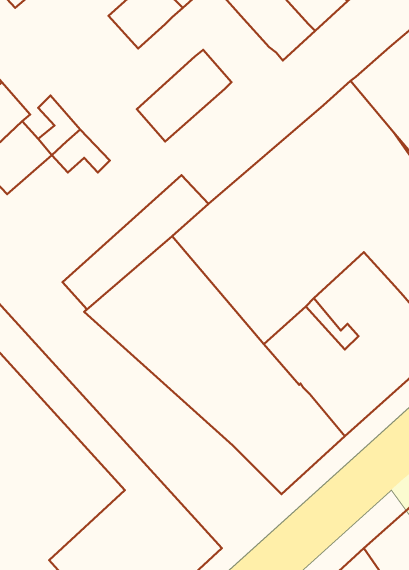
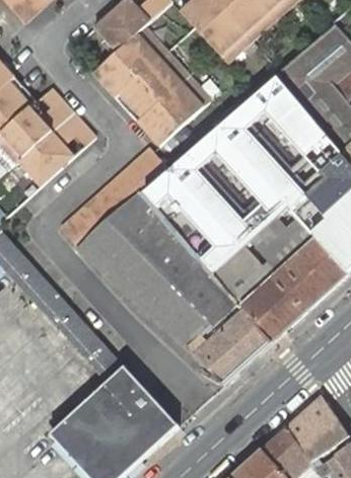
building: none -> [93,27,165,96]
building: none -> [137,76,209,145]
building: none -> [18,131,74,185]

